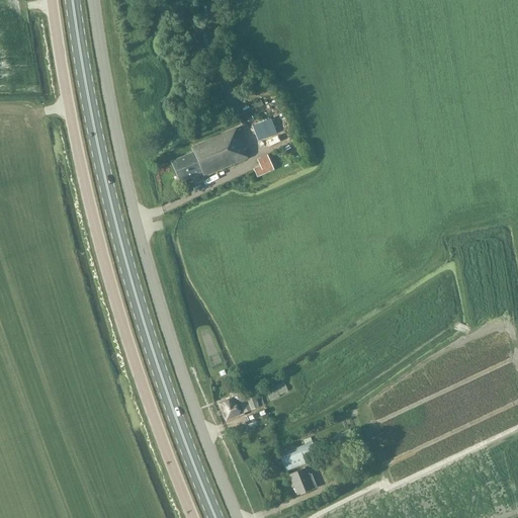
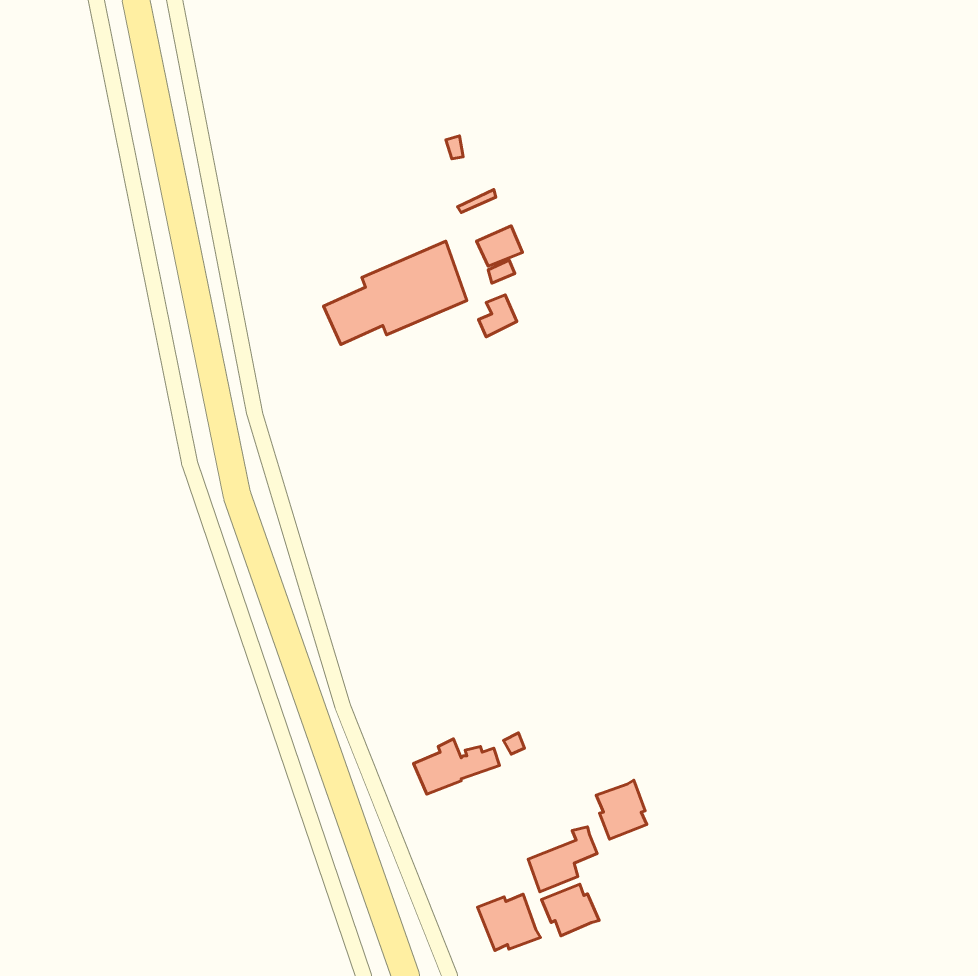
building: none -> [596,780,647,839]
building: none -> [477,894,540,950]

